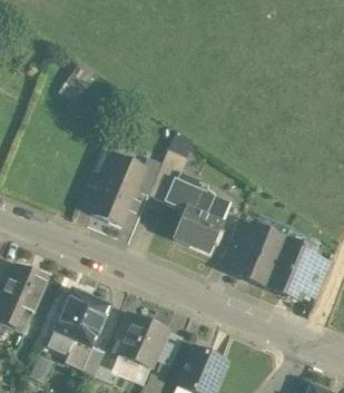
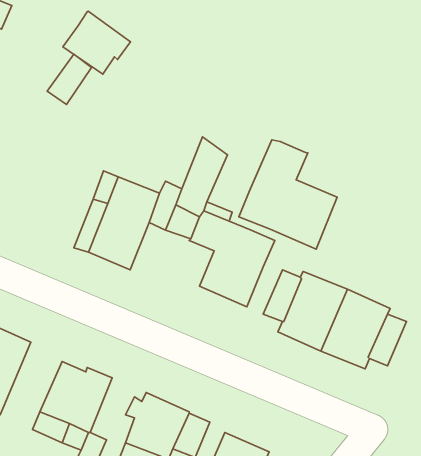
building: none -> [63,11,130,74]
building: none -> [239,140,337,249]

